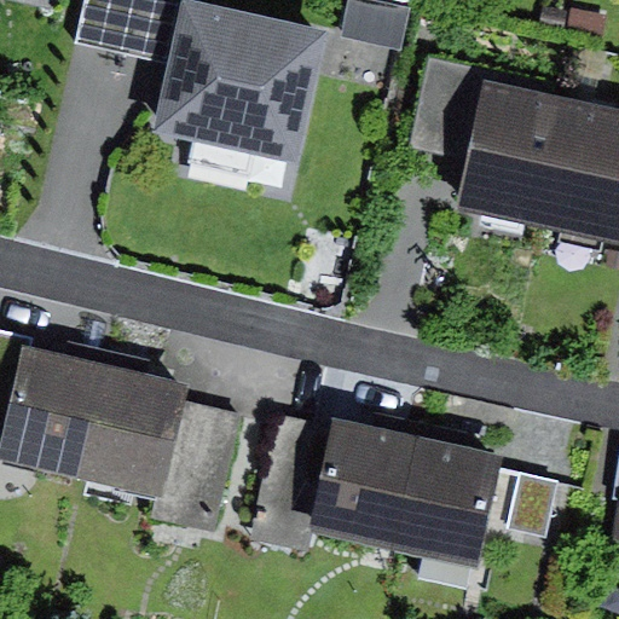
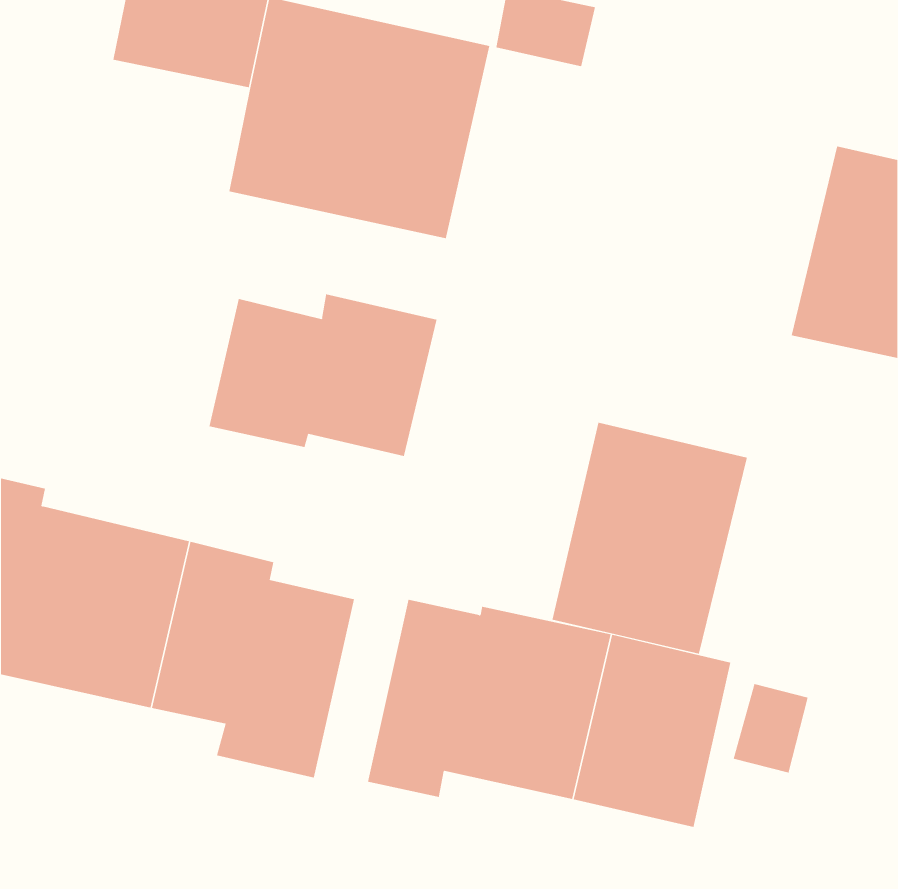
building: [409,54,575,231] -> none
building: none -> [209,294,437,457]
building: none -> [552,422,748,655]

